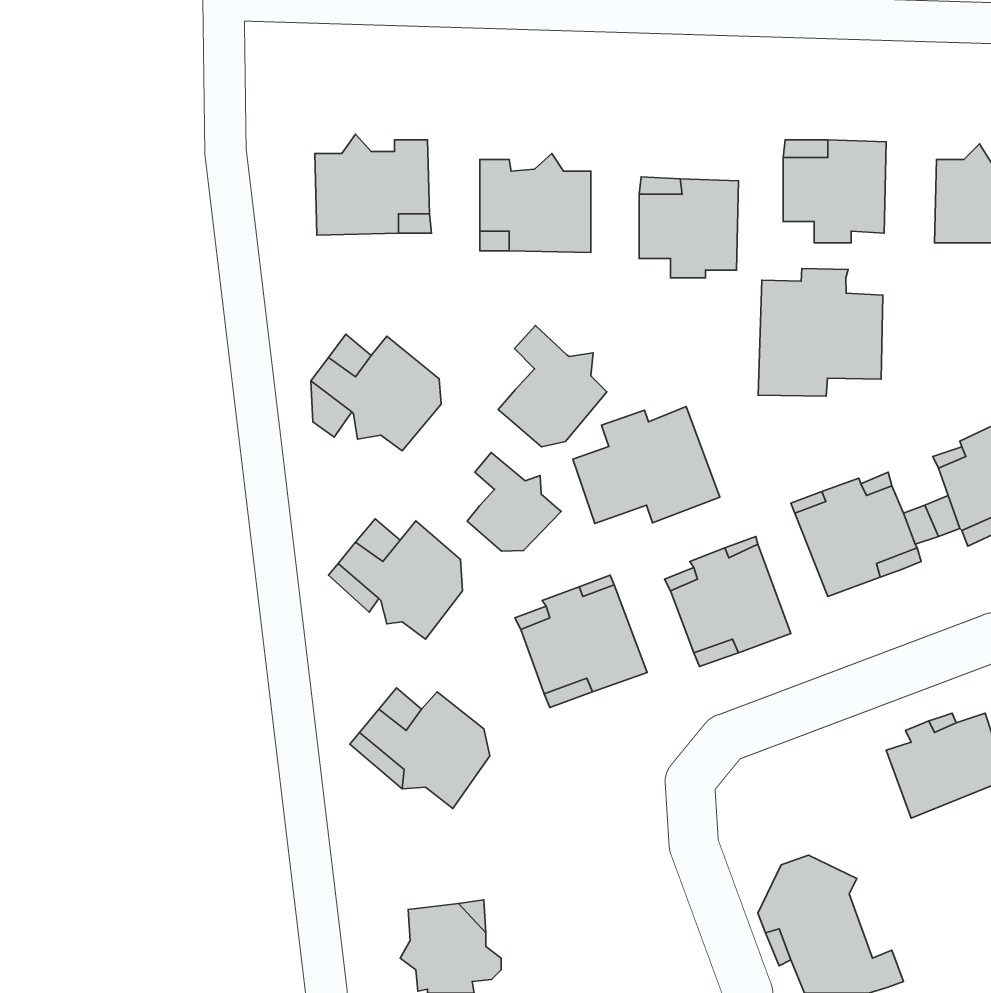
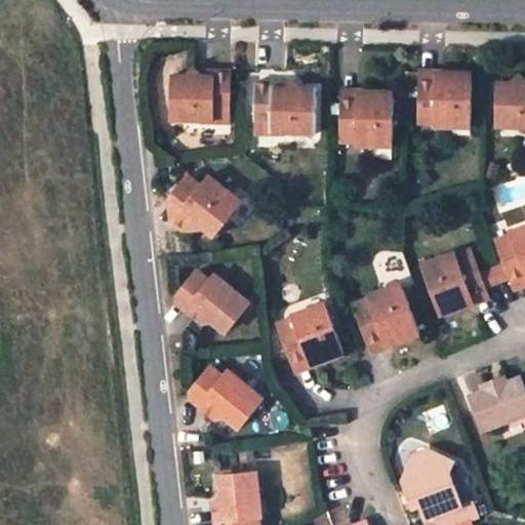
building: [758,268,883,396] -> none
building: [498,326,607,447] -> none
building: [573,406,720,523] -> none
building: [467,452,561,551] -> none

